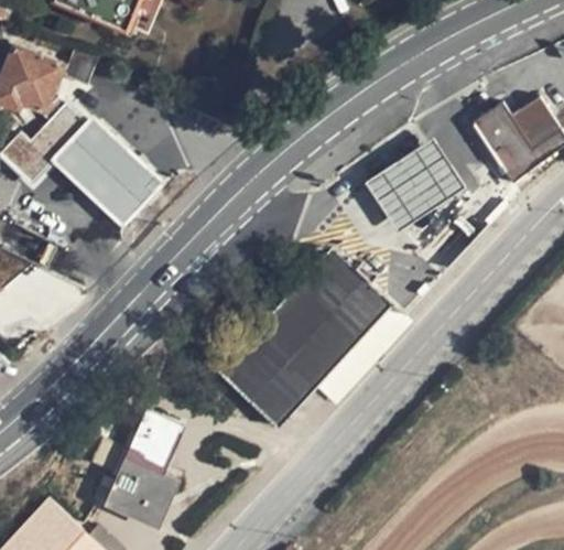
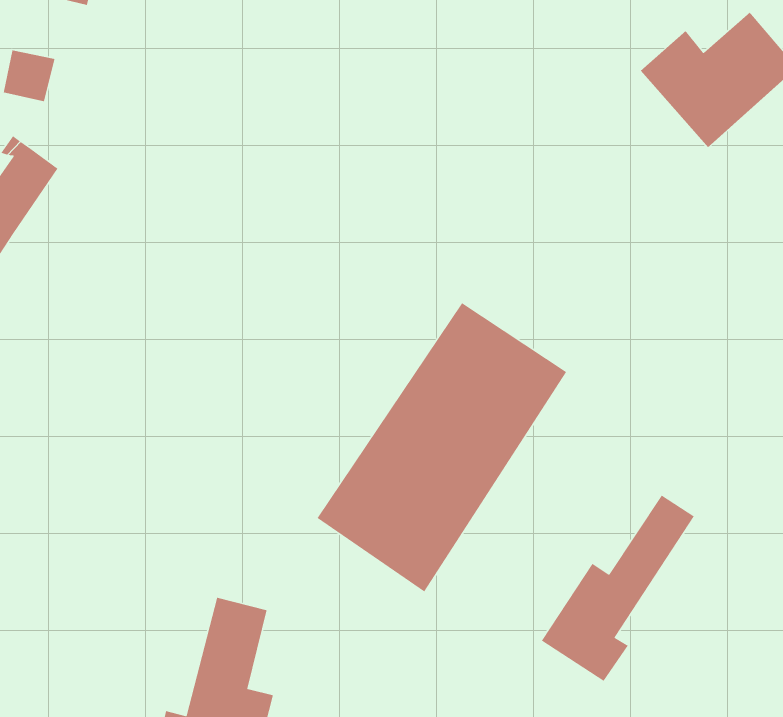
building: [57,123,165,229] -> none
building: [357,126,463,228] -> none
building: none -> [541,494,695,682]

